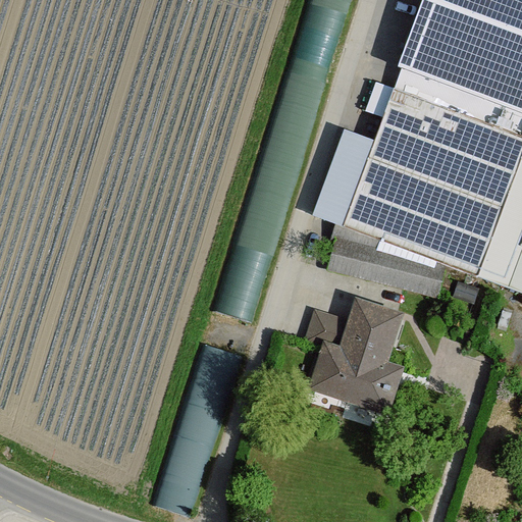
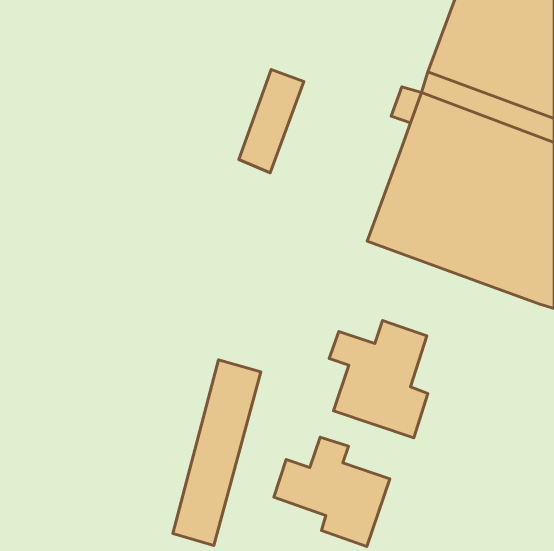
building: [315,129,376,226] -> [239,69,304,173]
building: [330,239,445,295] -> none
building: none -> [274,437,390,547]

